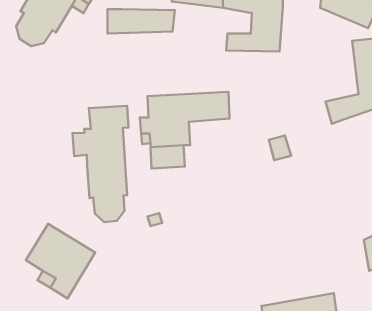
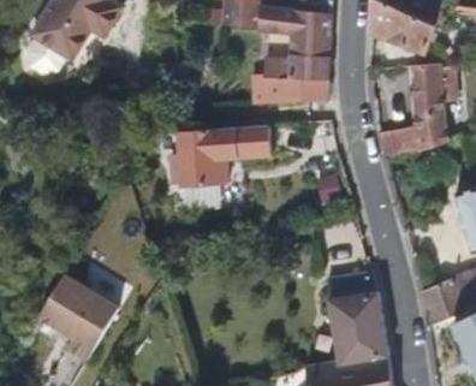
building: [108,9,175,34] -> [250,77,326,105]
building: [72,106,129,222] -> none
building: none -> [326,272,387,360]

